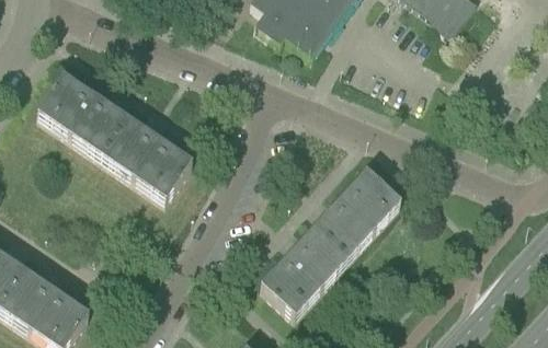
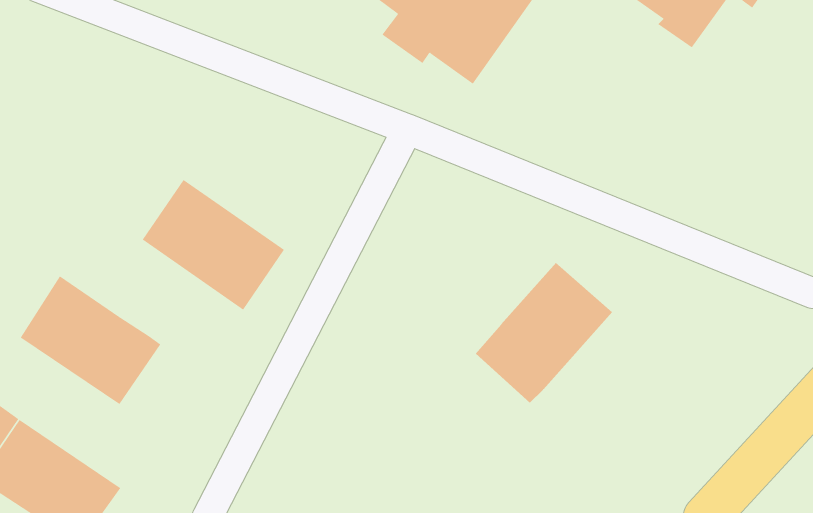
building: [38,71,128,153] -> [20,276,161,405]
building: [261,225,349,313] -> none

